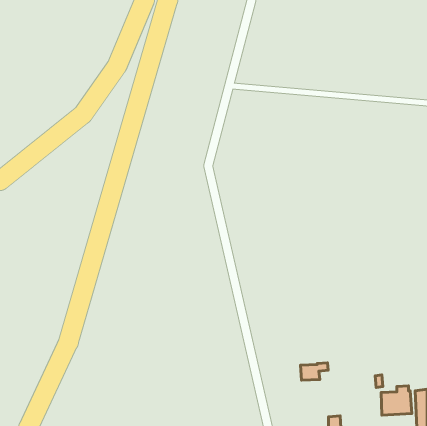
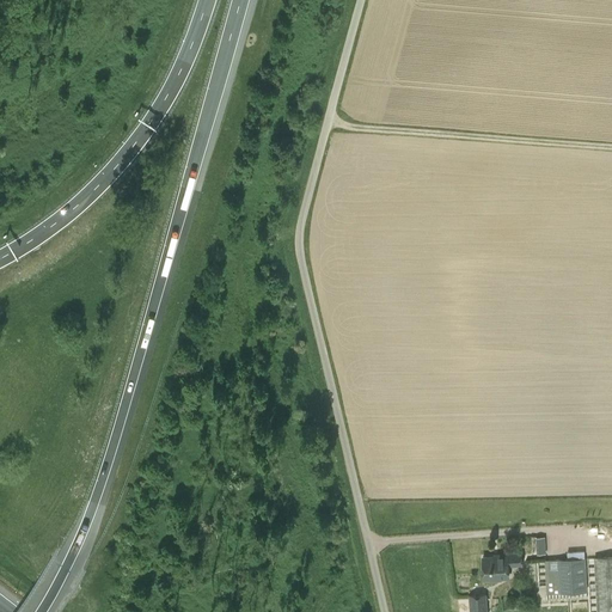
building: [301,363,328,380] -> [482,556,521,581]

